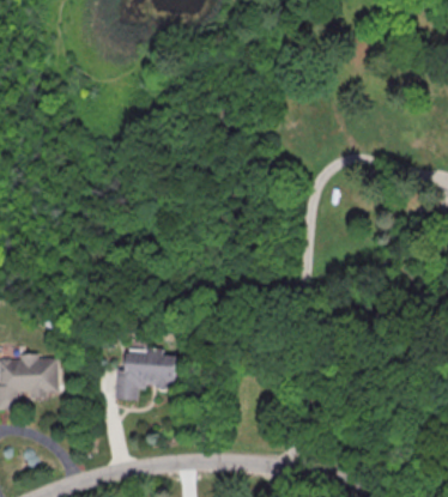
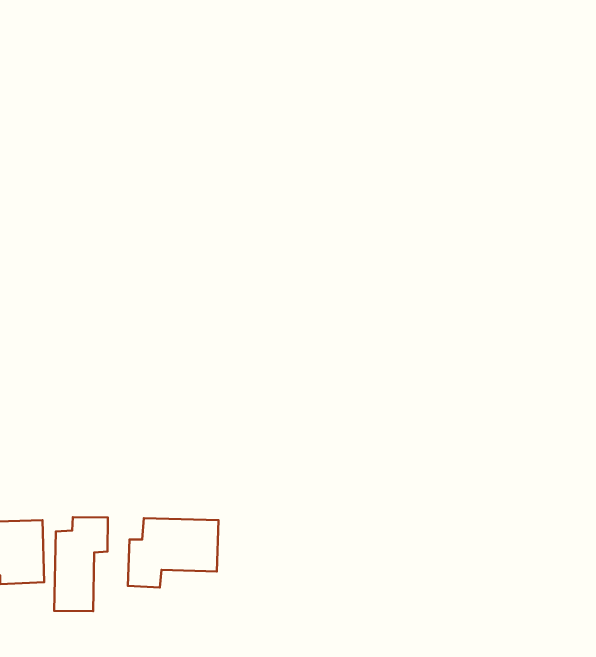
building: none -> [54,517,108,611]

